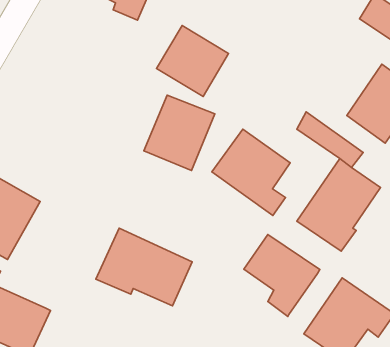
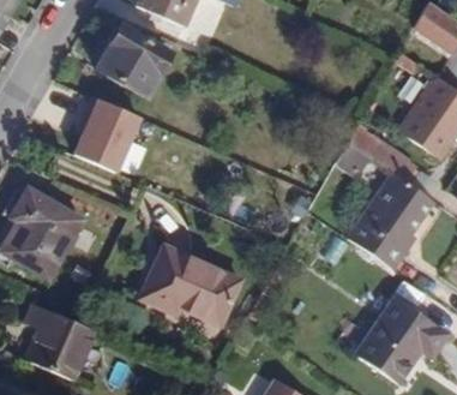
building: [157,26,229,96] -> [95,23,169,96]
building: [144,95,215,171] -> [78,97,151,175]
building: [212,129,290,216] -> none
building: [244,234,320,317] -> none

